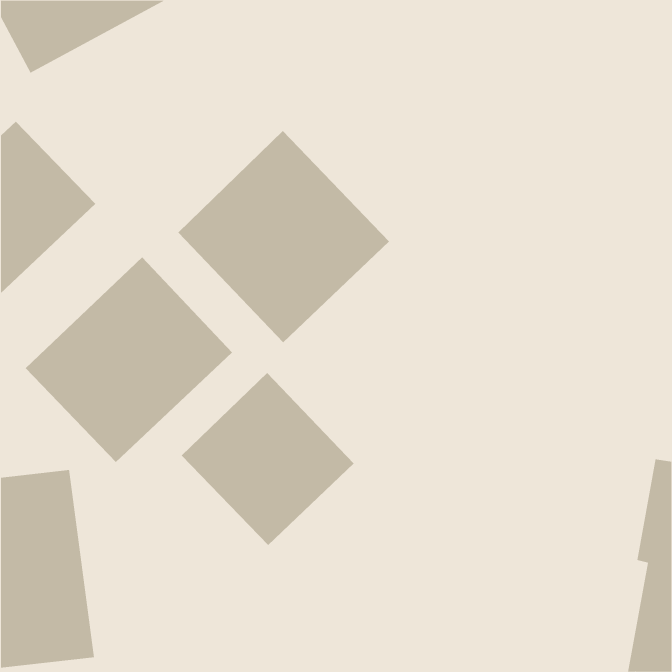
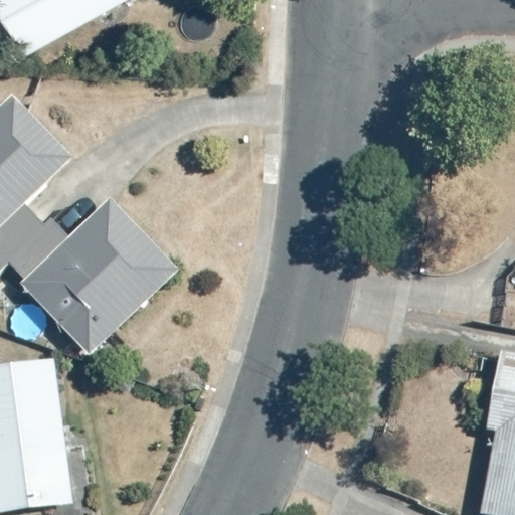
building: [177,130,390,343] -> none
building: [181,372,355,546] -> none

